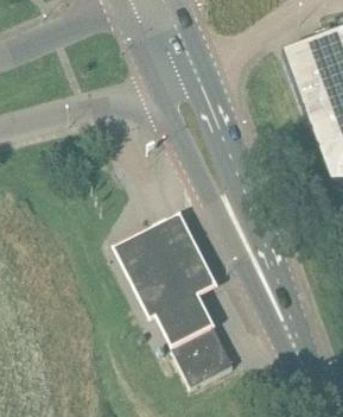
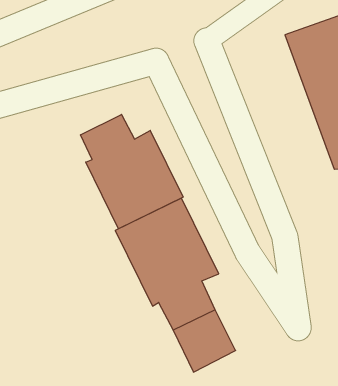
building: none -> [81,114,183,229]

